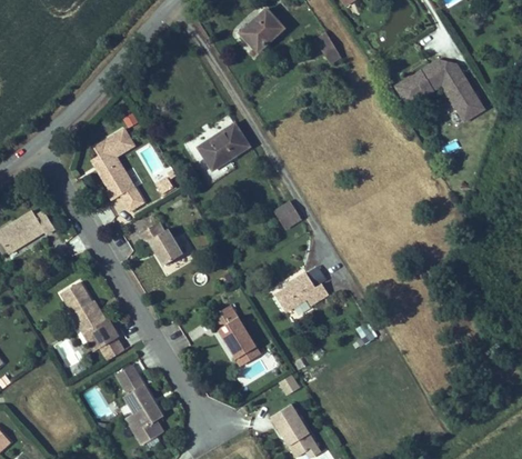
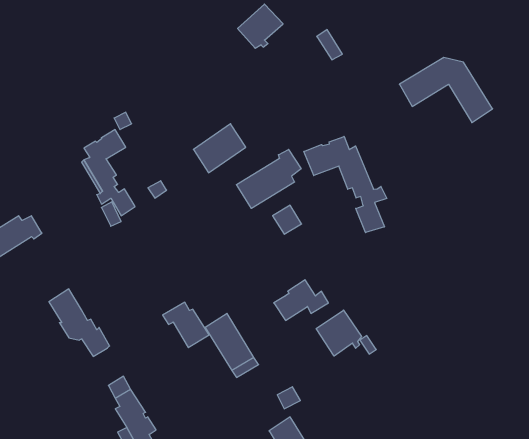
building: none -> [304,136,387,233]
building: none -> [236,149,301,208]
building: [139,222,183,266] -> [163,302,209,348]
building: none -> [316,310,362,356]
building: [80,328,124,360] -> none

